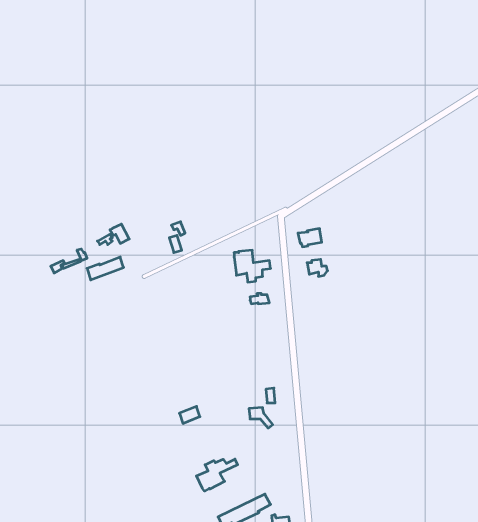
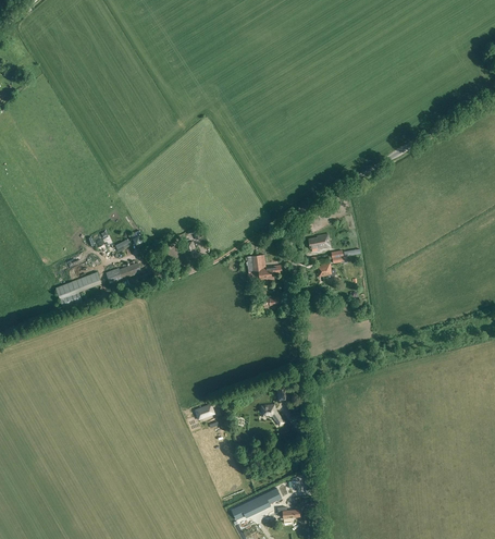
building: none -> [55,272,102,311]
building: [196,459,238,491] -> none

